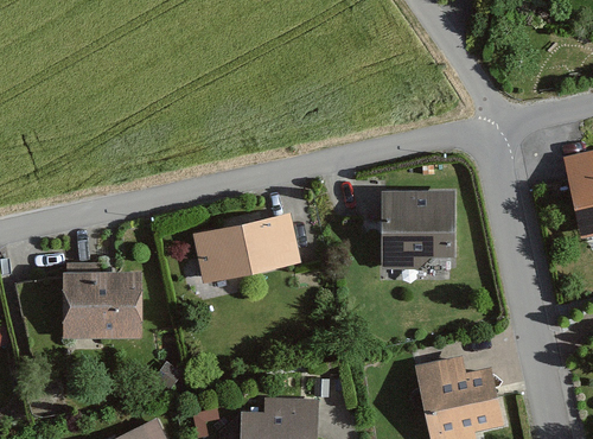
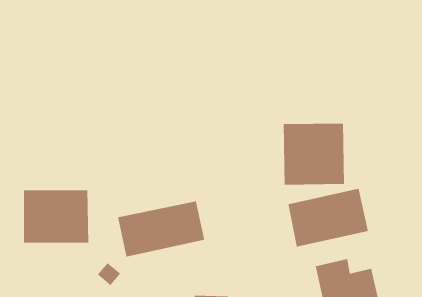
building: [192,214,300,284] -> [117,200,205,257]
building: none -> [288,188,369,248]

